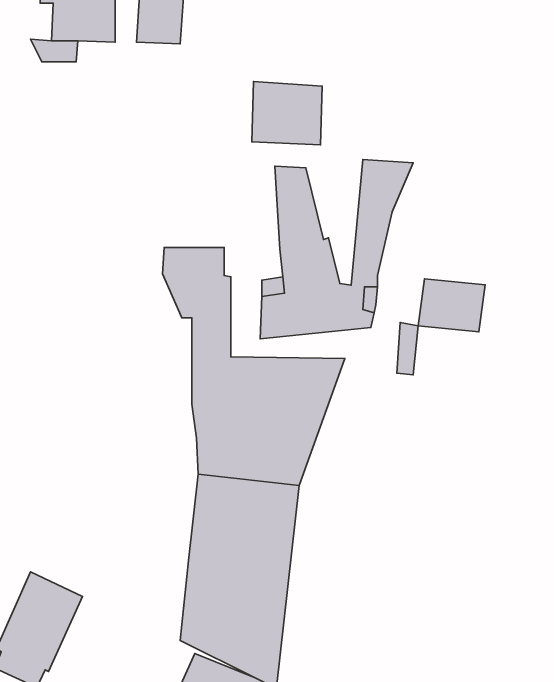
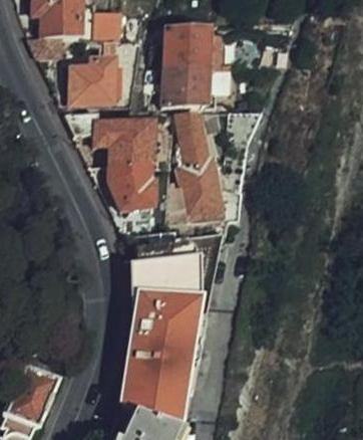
building: none -> [166,27,210,66]
building: none -> [71,62,112,105]
building: none -> [66,115,151,166]
building: [418,279,485,332] -> none

